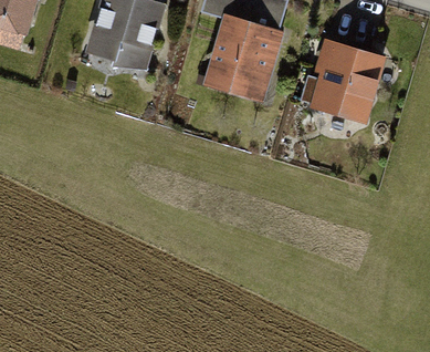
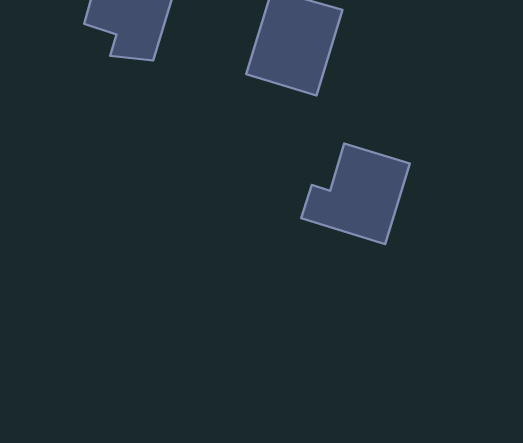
building: [302,46,380,120] -> [301,143,410,244]

